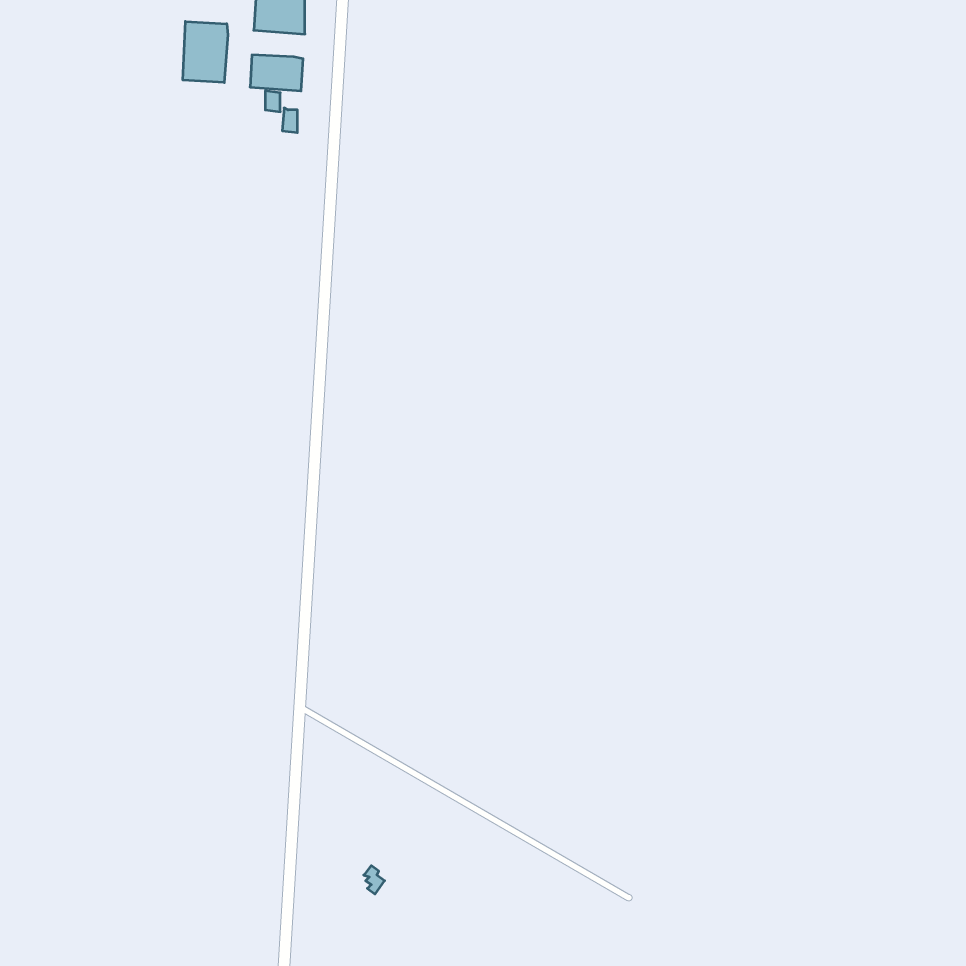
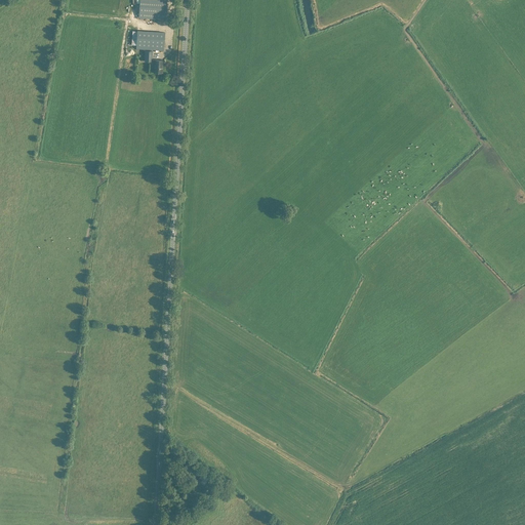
building: [183,21,228,83] -> none

